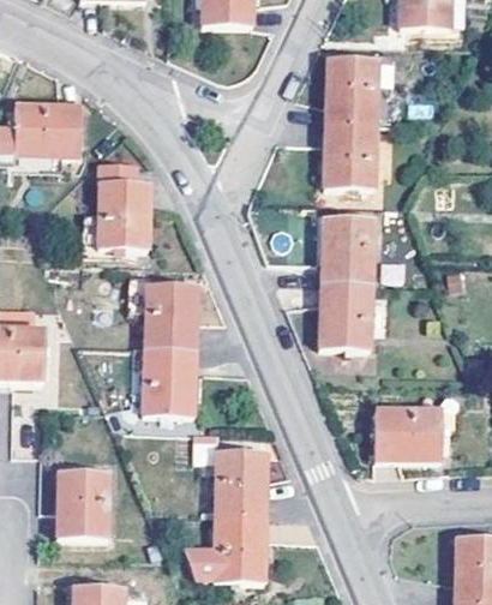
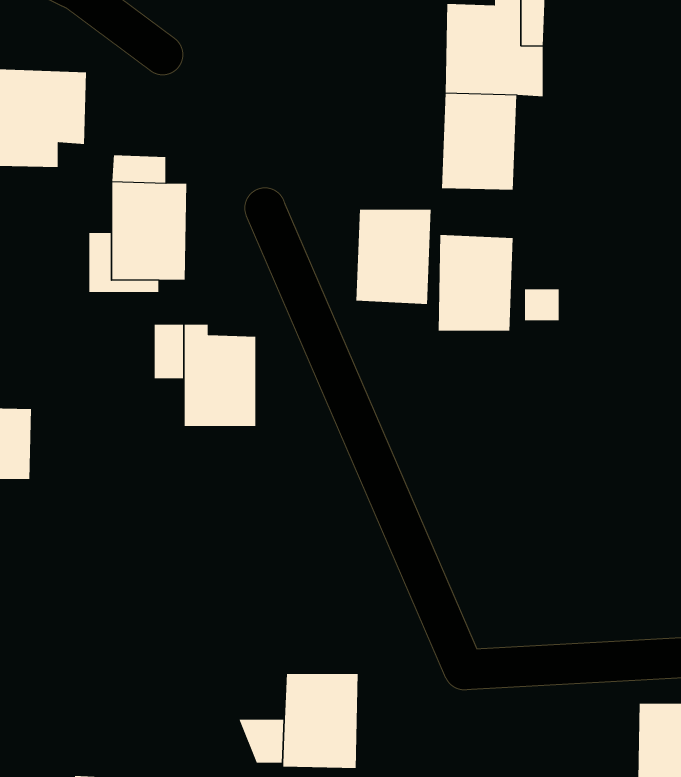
building: [318,282,370,347] -> [356,209,431,304]
building: [146,347,197,413] -> none
building: [376,408,443,459] -> none
building: [217,449,269,515] -> none
building: [56,472,107,539] -> none

